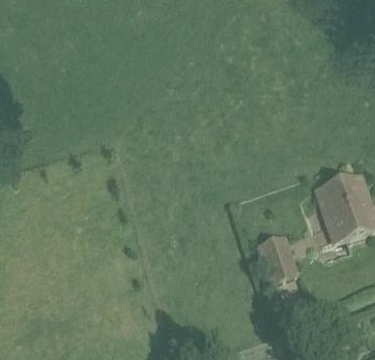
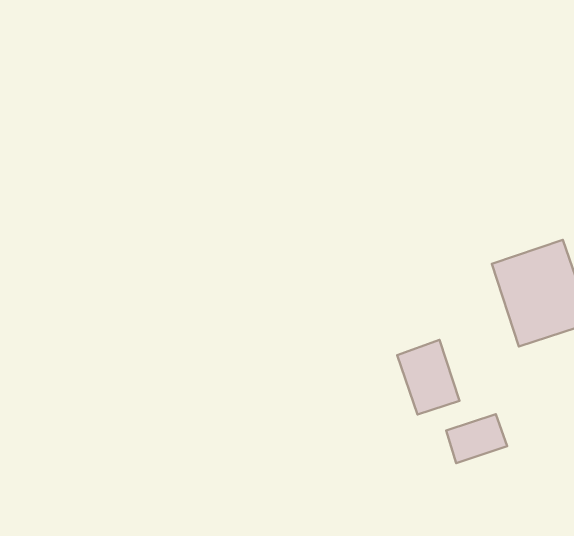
building: none -> [446,414,507,463]

